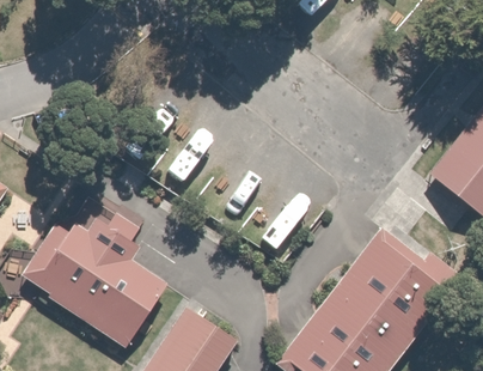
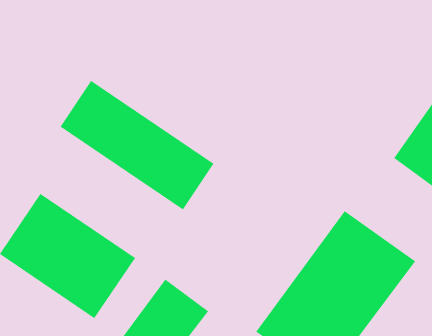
building: none -> [60,80,214,210]

